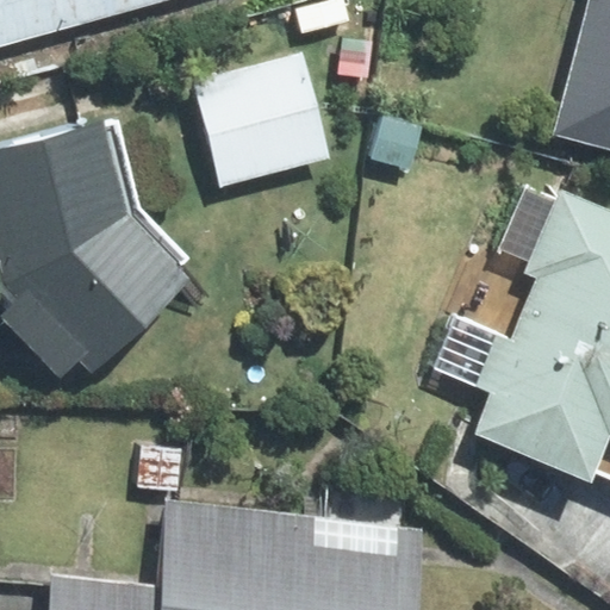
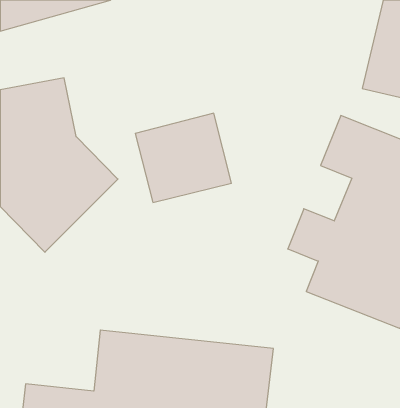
building: [192,58,335,191] -> [135,113,231,202]

